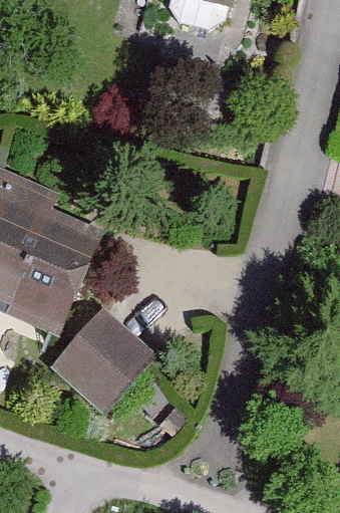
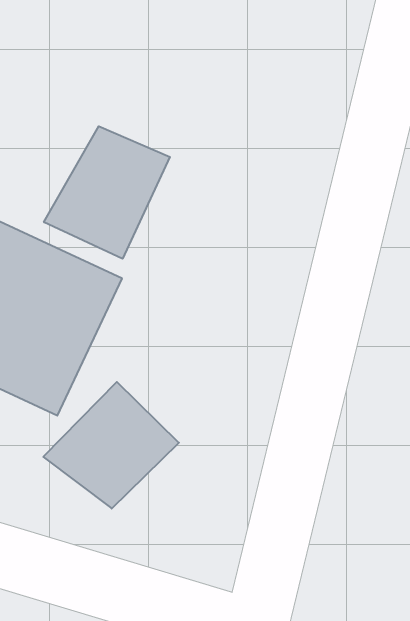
building: none -> [44,126,170,259]

